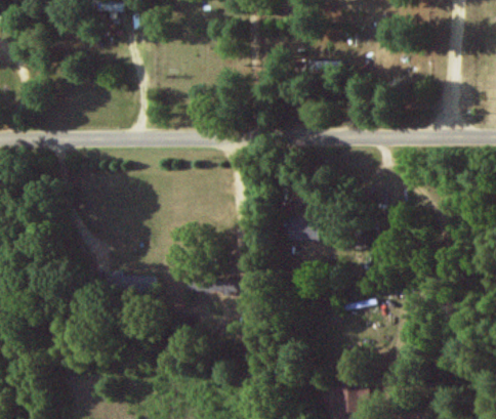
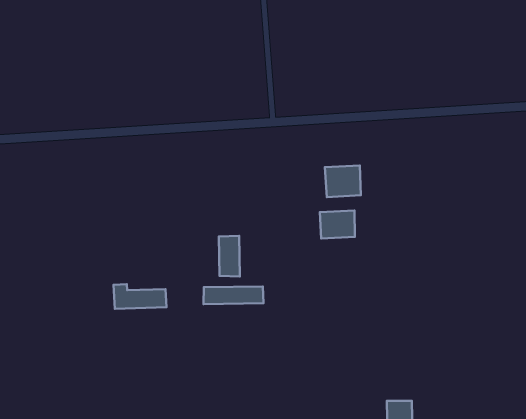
building: none -> [325,165,361,197]
building: none -> [219,236,240,277]

